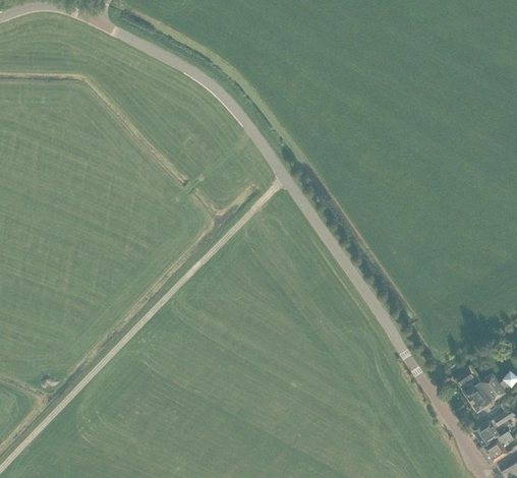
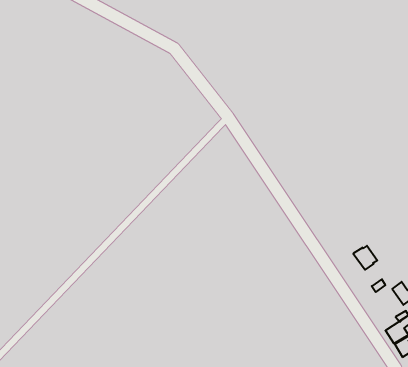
building: [466,382,495,411] -> [353,246,377,270]

